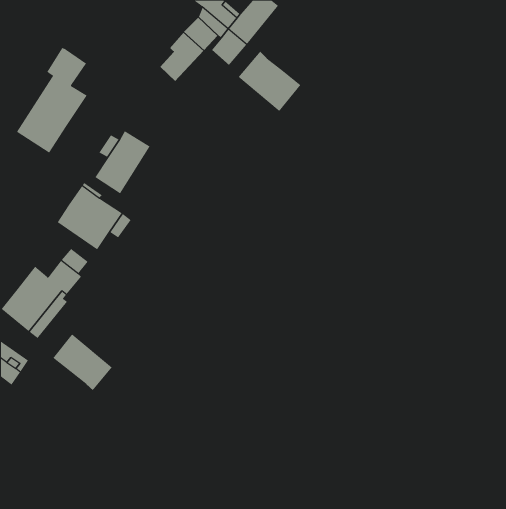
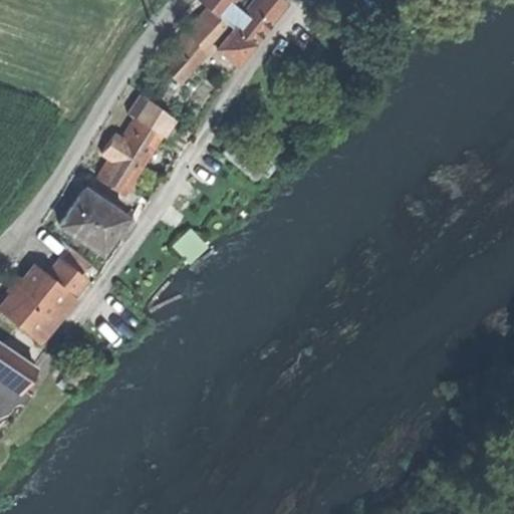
building: [16,47,87,153] -> none
building: [238,51,301,112] -> none
building: none -> [128,96,174,148]
building: [52,334,113,391] -> none

